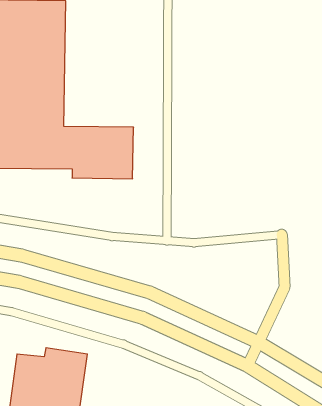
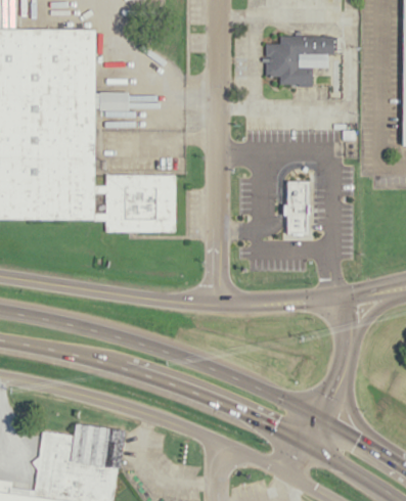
building: none -> [261,36,331,85]
building: none -> [284,181,307,234]

